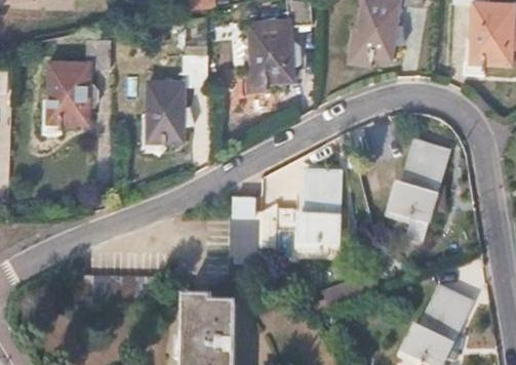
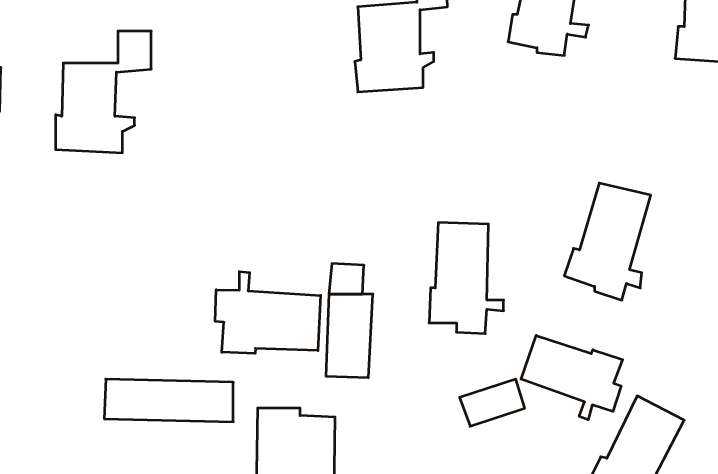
building: [145,56,207,140] -> none
building: none -> [215,272,321,353]
building: none -> [521,335,623,420]

